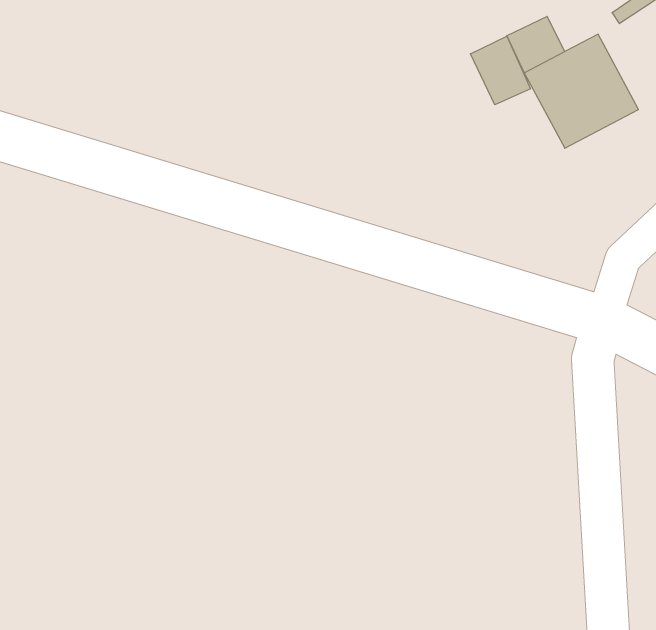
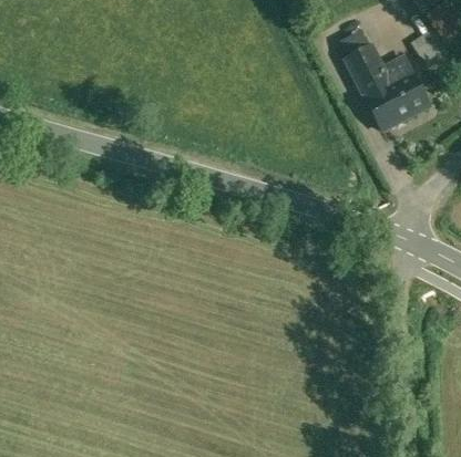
building: [470,36,530,105] -> none

